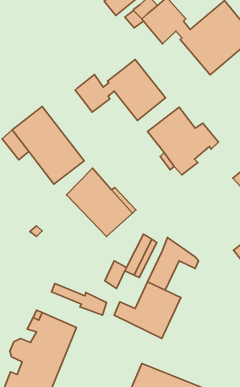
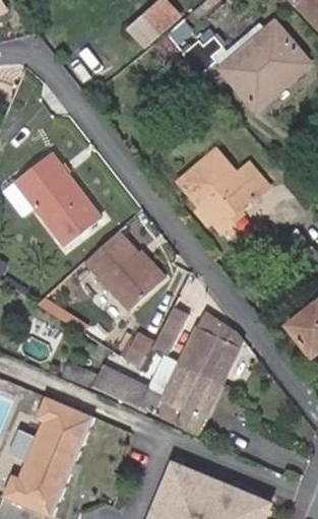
building: [75,60,165,121] -> none
building: none -> [201,338,238,383]

